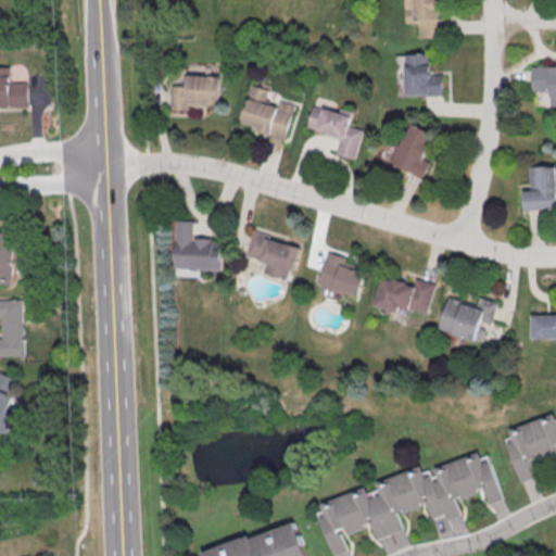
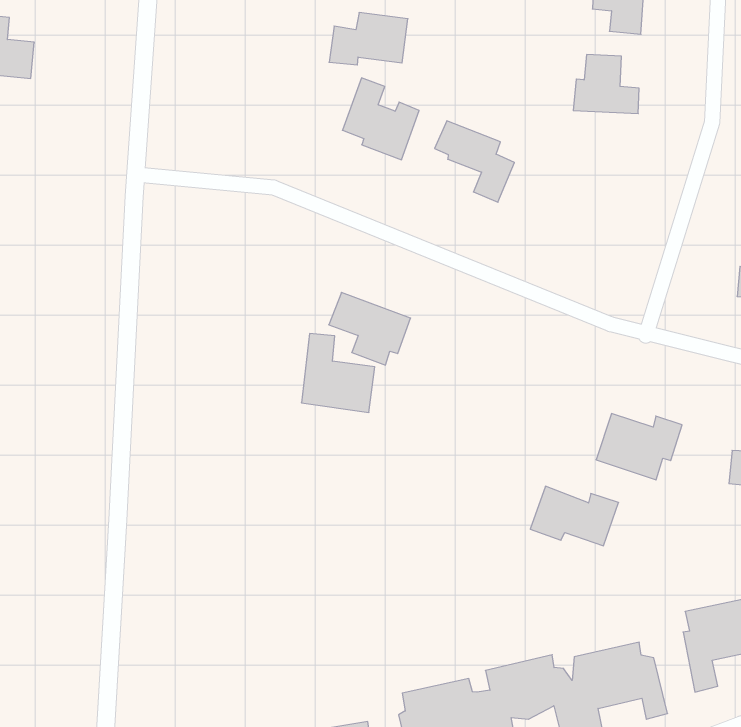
building: [169,75,220,111] -> [329,13,408,65]
building: [390,123,434,178] -> none
building: [175,222,223,271] -> [301,334,375,412]
building: [318,252,366,296] -> none
building: [374,277,432,314] -> [530,486,619,546]

